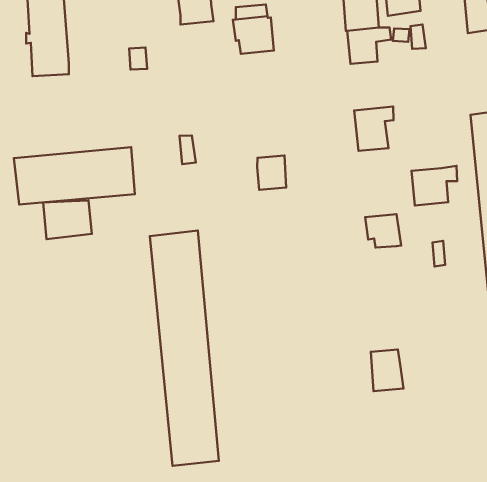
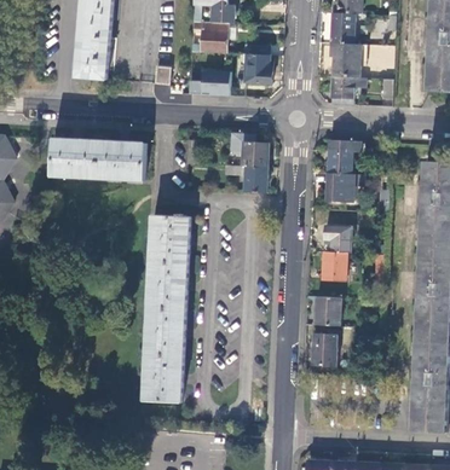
building: none -> [189,70,230,95]
building: none -> [241,143,267,168]
building: [412,166,457,205] -> [325,173,363,202]
building: [43,201,92,239] -> none
building: none -> [322,251,346,282]
building: none -> [315,296,340,325]

